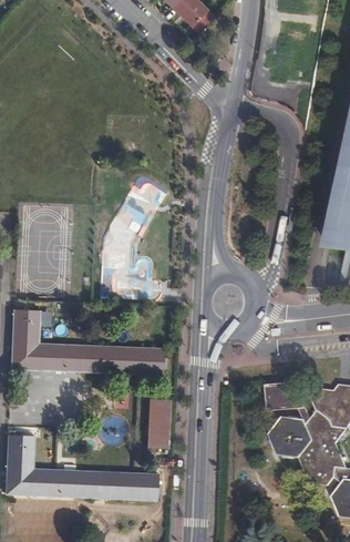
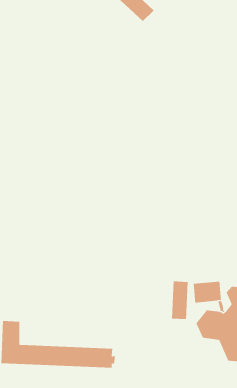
building: [11,308,166,372] -> none
building: [147,396,171,448] -> [171,281,189,320]

